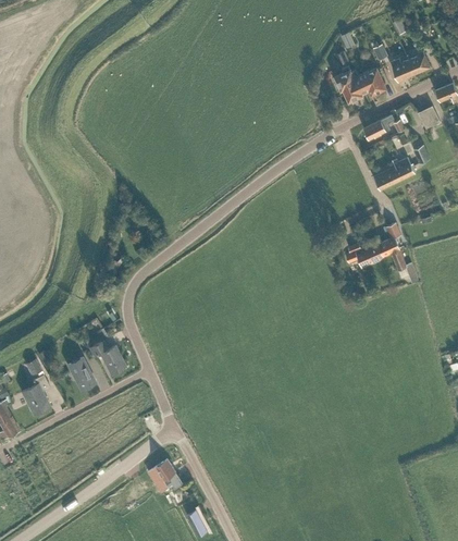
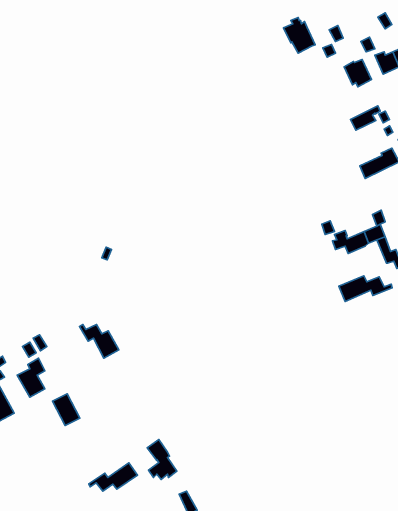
building: [334,65,367,102] -> [283,17,315,53]
building: none -> [339,276,392,301]
building: [67,358,96,391] -> [52,394,80,425]
building: none -> [89,463,137,491]

